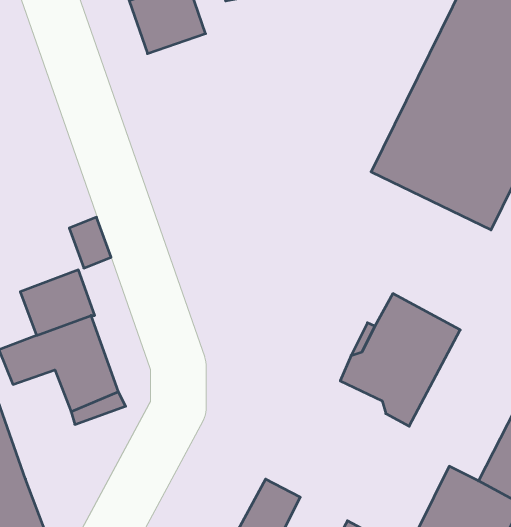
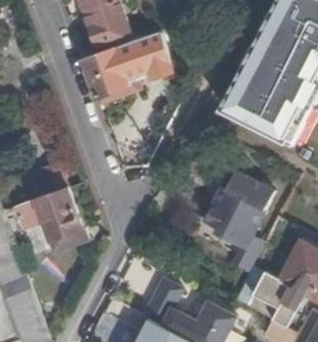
building: none -> [82,32,170,97]

